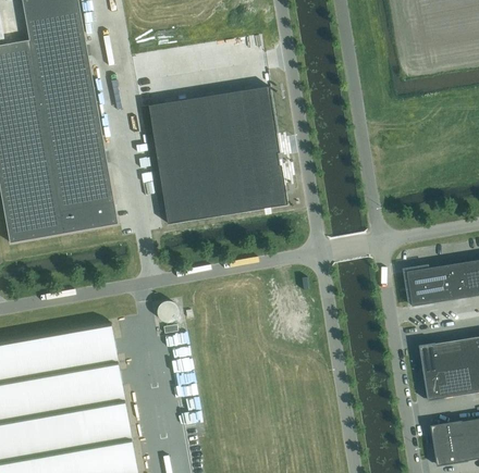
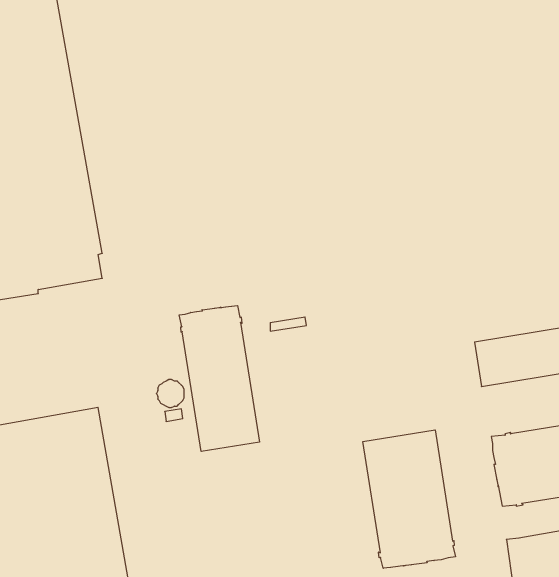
building: [148,86,285,224] -> none
building: none -> [179,306,259,451]
building: none -> [363,430,455,568]

